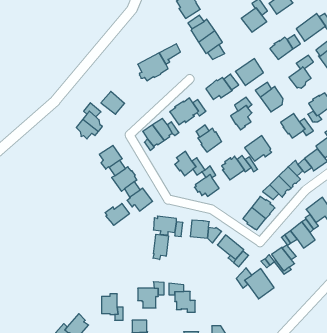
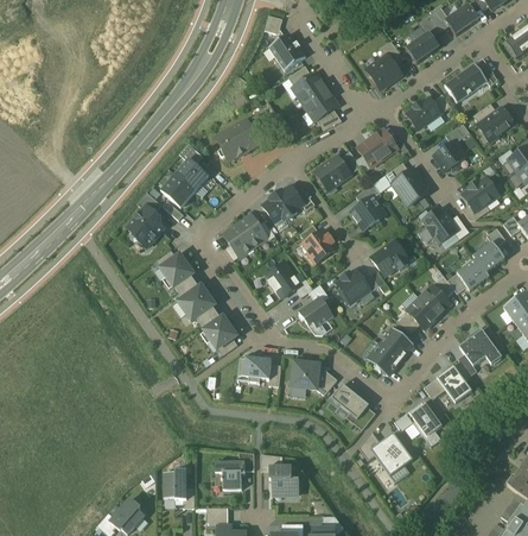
building: none -> [176,158,210,194]
building: [105,203,129,225] -> none
building: [153,234,168,260] -> none

